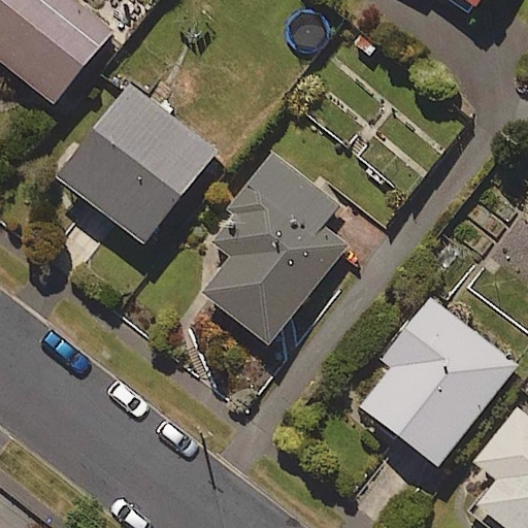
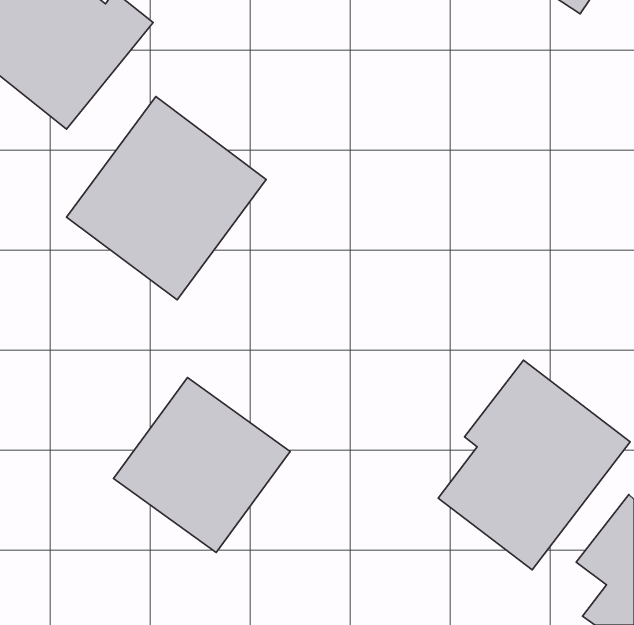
building: [200,145,348,345] -> none
building: none -> [114,378,290,553]

